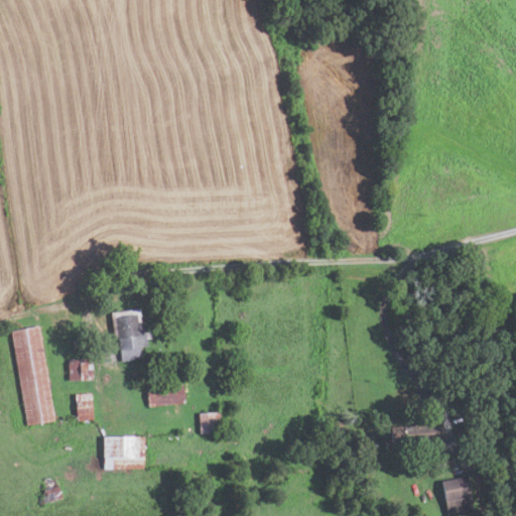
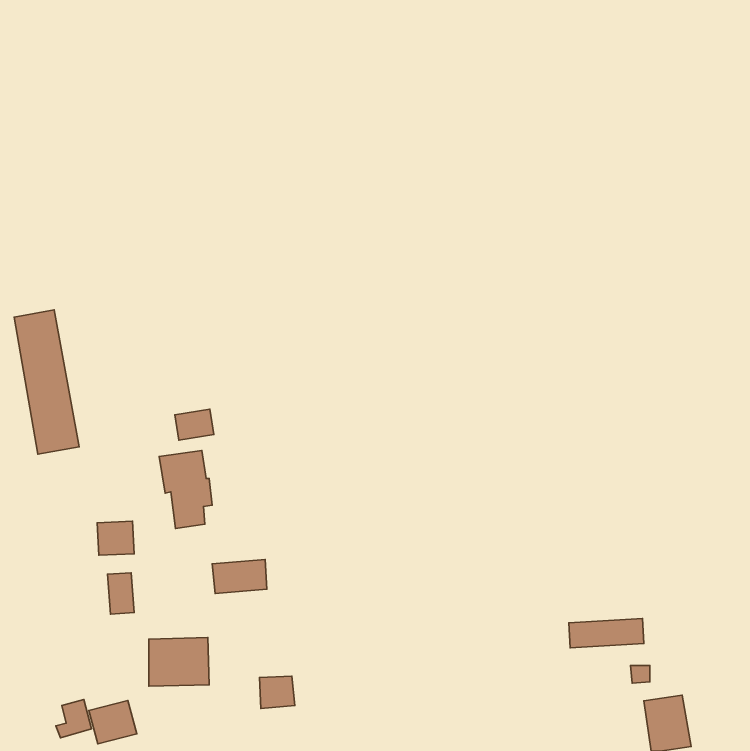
building: none -> [175,409,214,440]
building: [12,326,56,424] -> [14,310,79,454]
building: [199,411,223,433] -> [259,676,295,708]
building: none -> [89,700,137,744]

